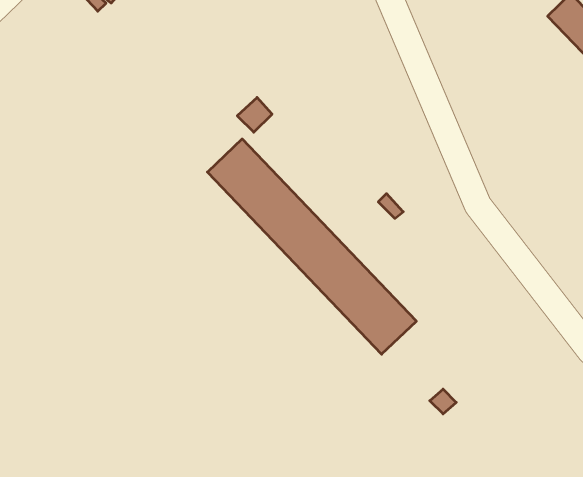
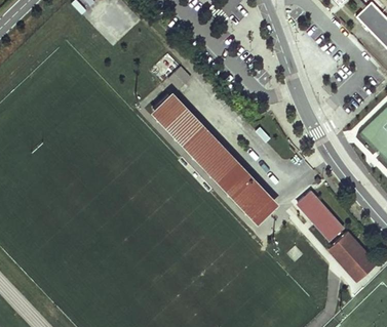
building: none -> [296,192,345,243]
building: none -> [327,233,378,283]

